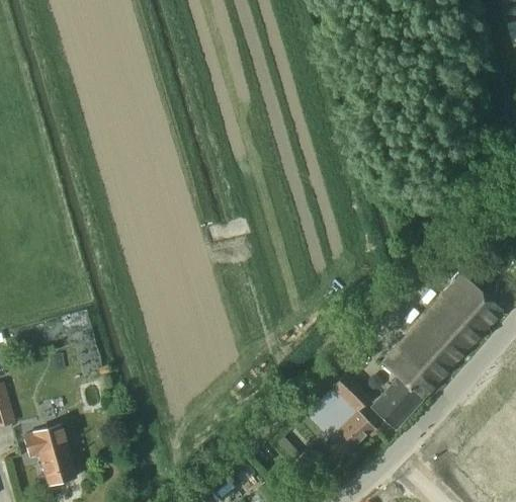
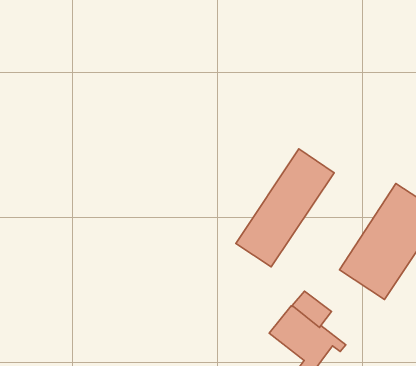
building: none -> [236,149,334,267]
building: [370,354,430,430] -> none

